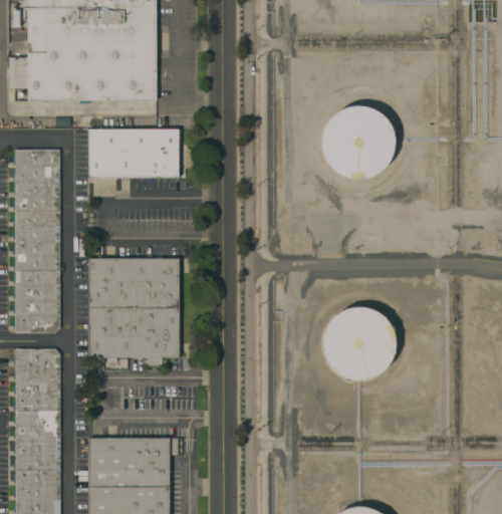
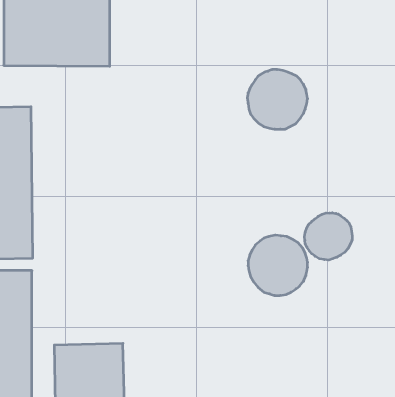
building: [88,131,178,178] -> none
building: [88,257,182,357] -> none
building: none -> [304,213,352,260]

